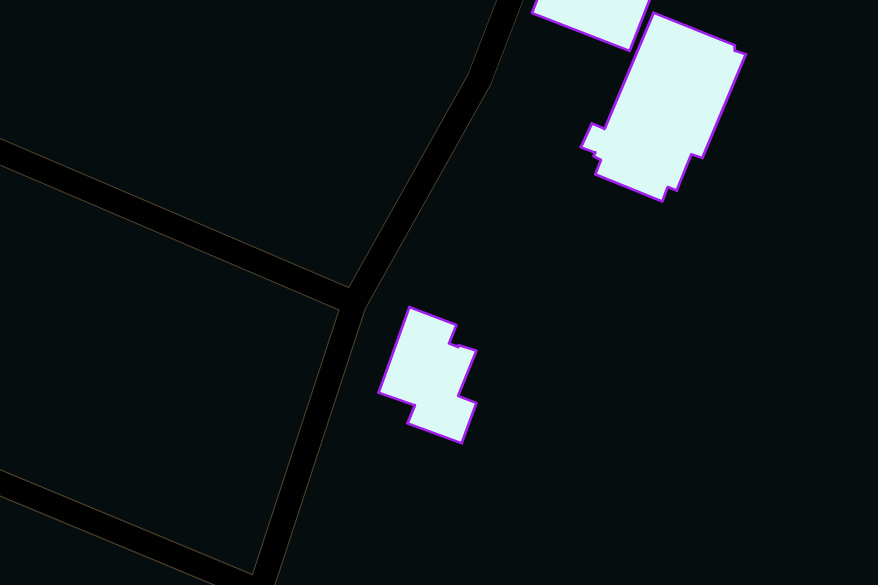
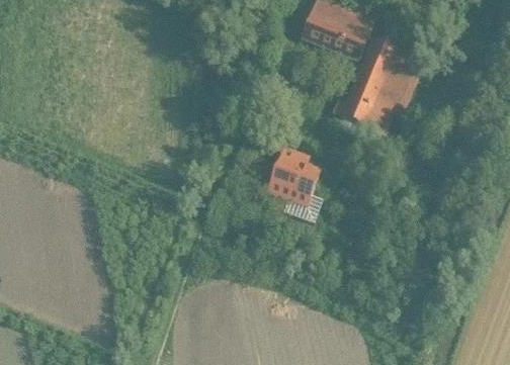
building: [378,307,476,443] -> [266,145,321,220]

